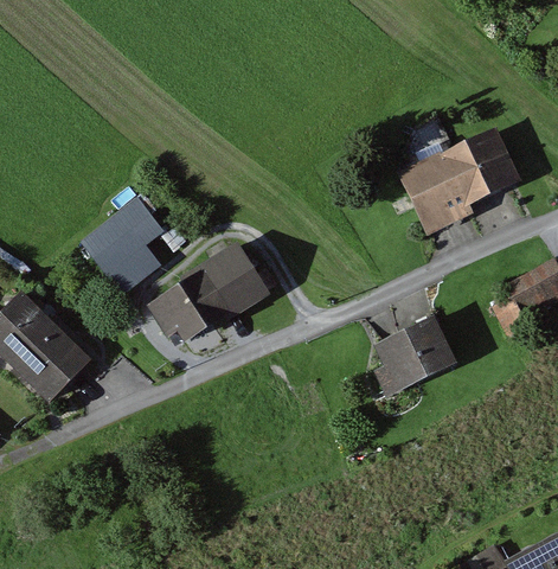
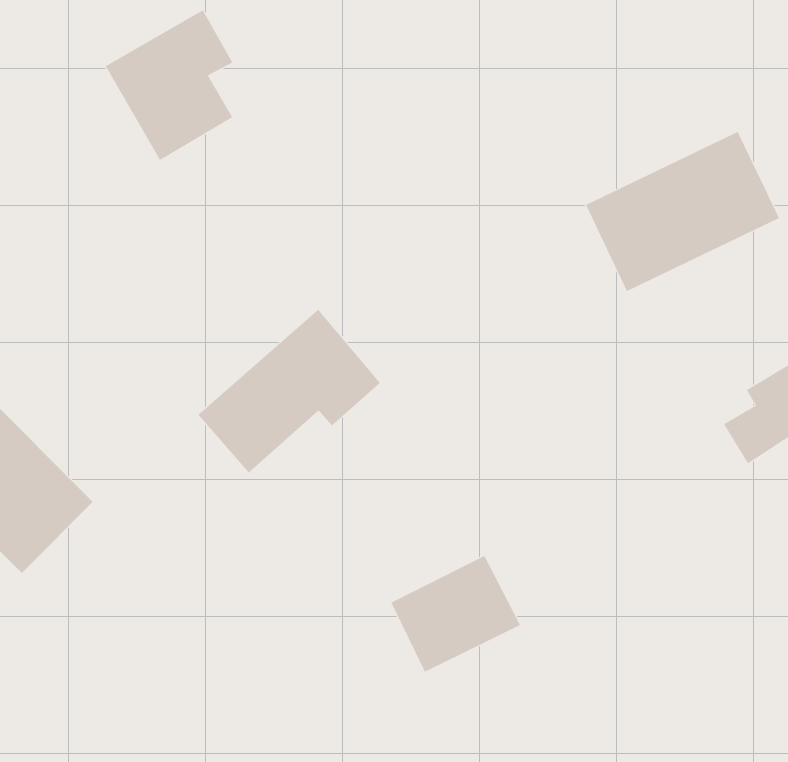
building: [81,185,161,280] -> [105,9,233,161]
building: [370,318,451,391] -> [390,555,521,672]

